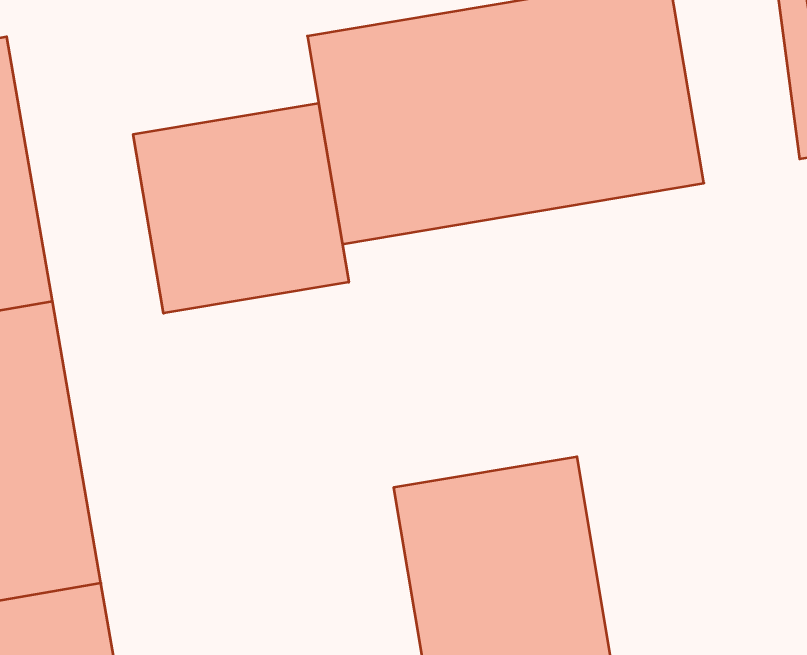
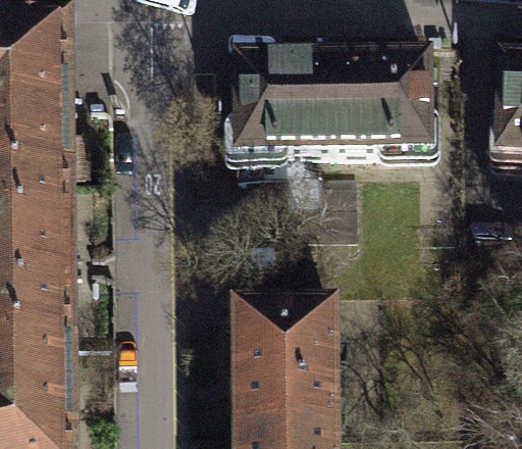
building: [133,103,349,313] -> none

